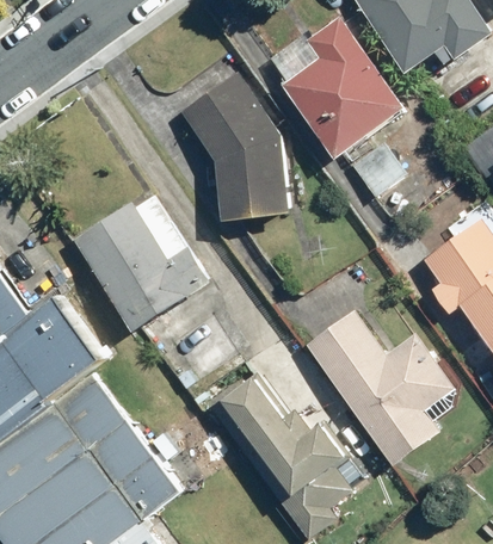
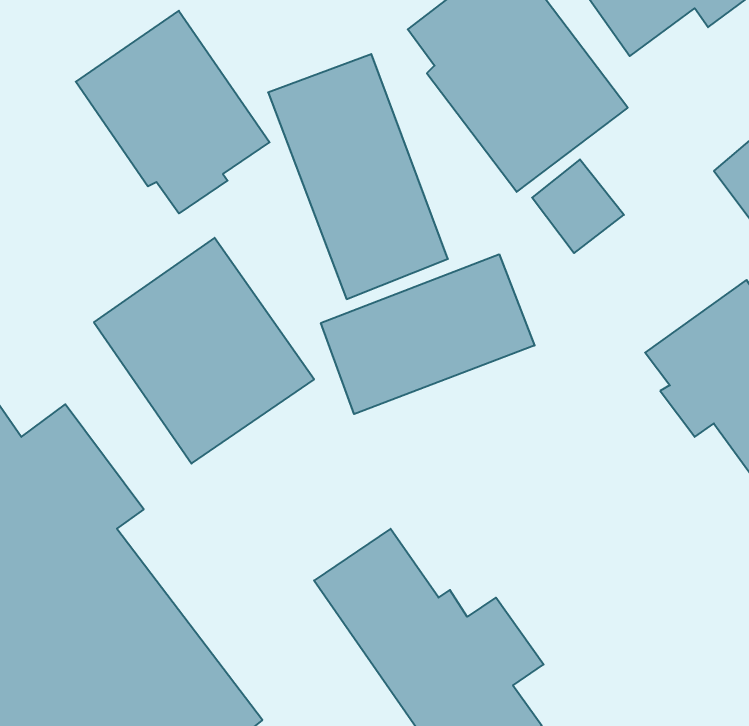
building: none -> [76,11,270,213]
building: none -> [321,254,535,414]
building: [306,311,457,465] -> none

